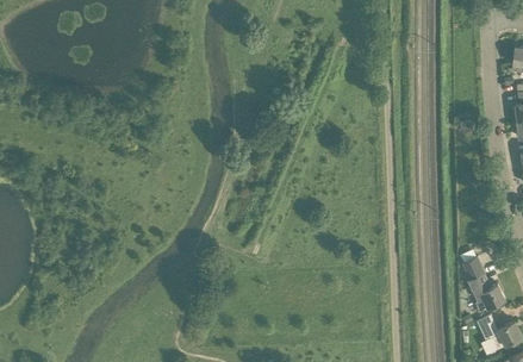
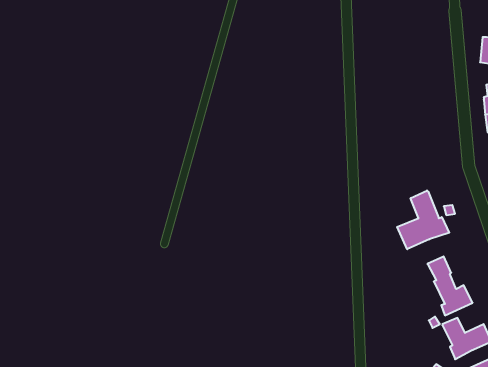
building: none -> [397,190,449,249]

